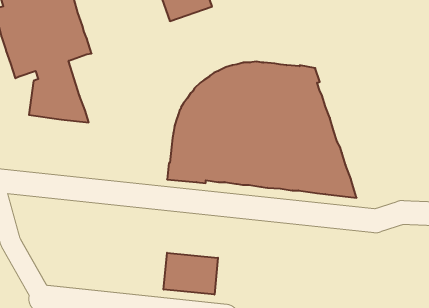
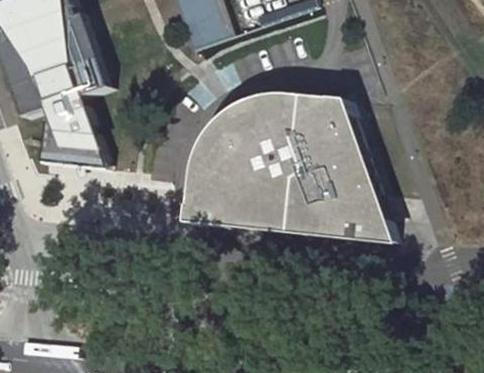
building: [164,253,218,295] -> none

